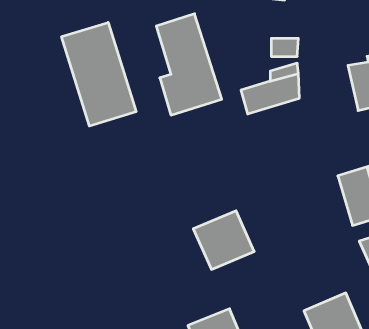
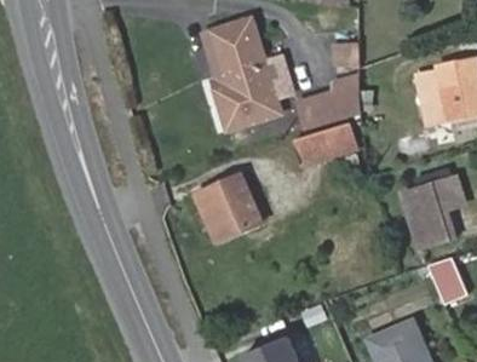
building: [62,22,136,126] -> none
building: none -> [295,122,356,163]
building: [193,211,254,269] -> [195,174,260,237]

